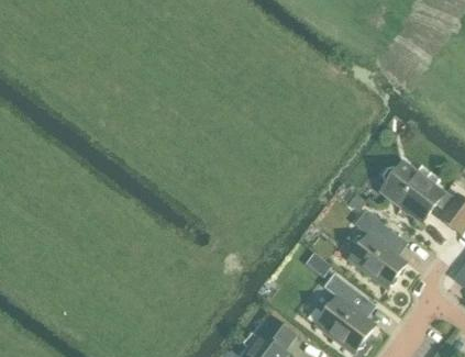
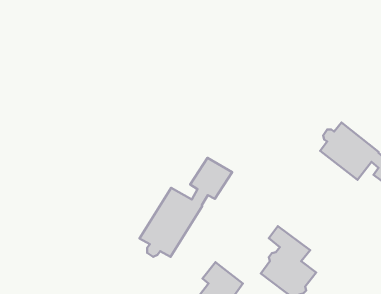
building: none -> [140,158,232,257]
building: [348,211,407,288] -> none

